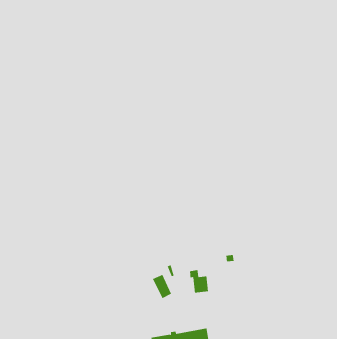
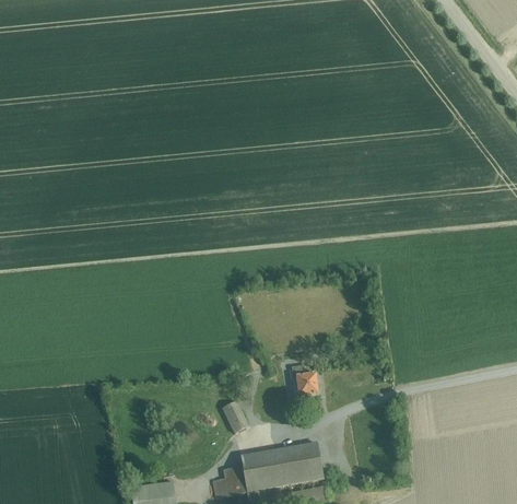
building: [152,274,172,299] -> [222,399,248,432]

